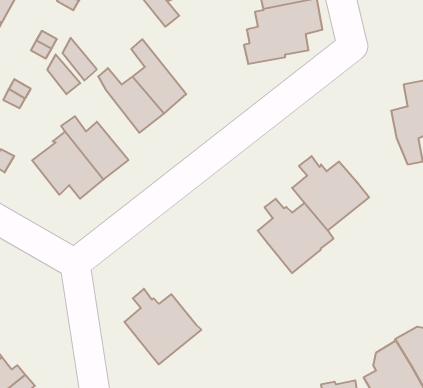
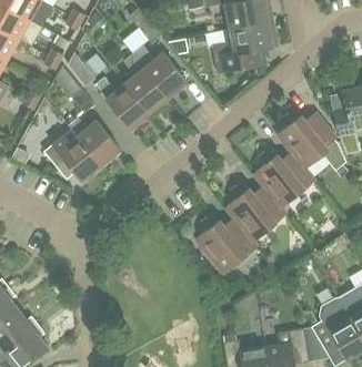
building: none -> [131,43,187,98]
building: none -> [278,109,346,171]
building: [124,289,201,364] -> [195,213,258,274]

